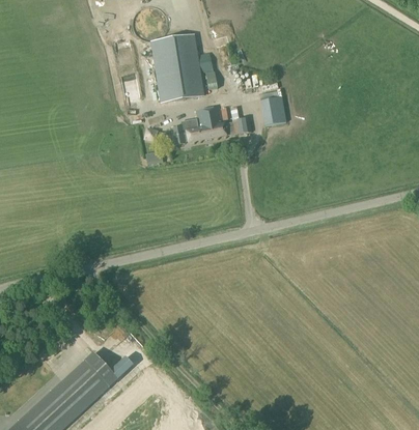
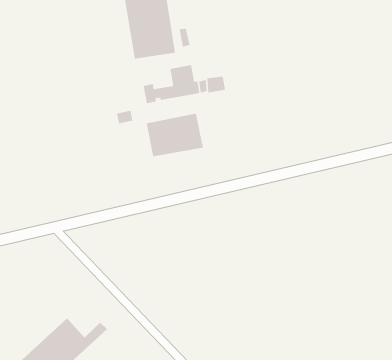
building: [259,95,285,124] -> none
building: none -> [146,113,203,157]

